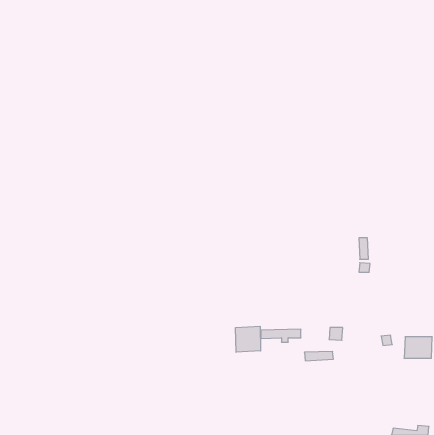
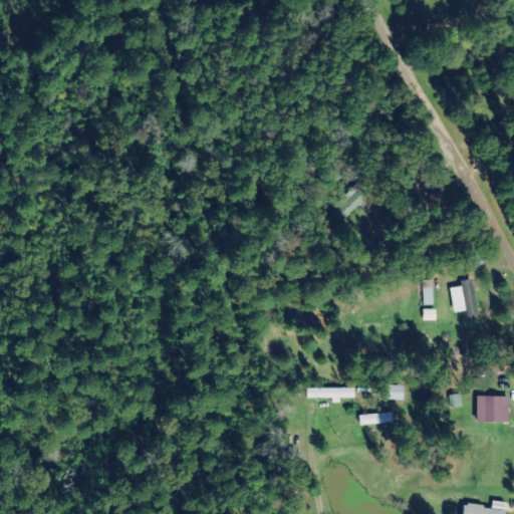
building: none -> [451,279,476,315]
building: [236,326,261,352] -> none

